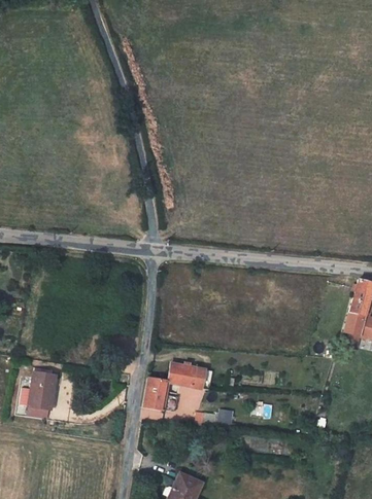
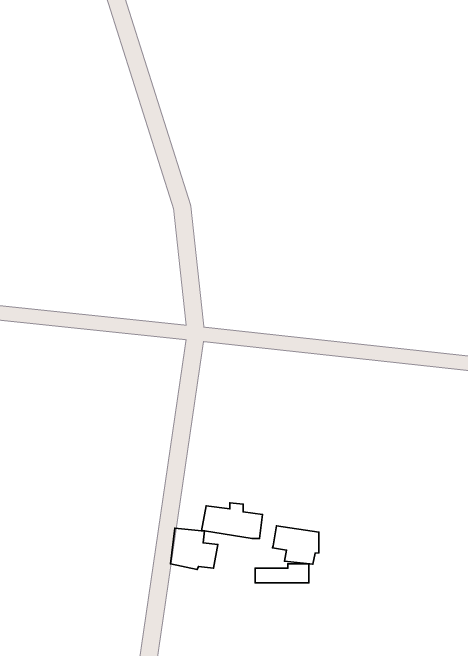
building: [28,372,56,411] -> none
building: none -> [273,526,319,564]

